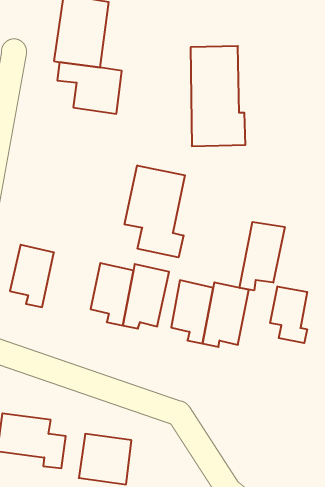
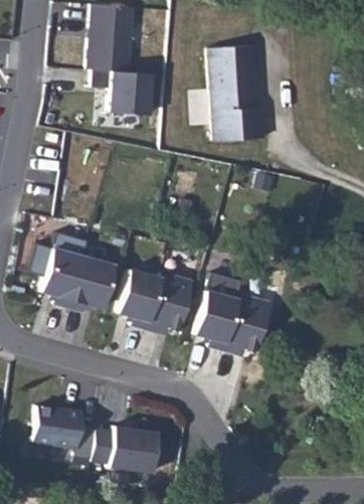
building: [125,165,185,257] -> none
building: [240,222,285,290] -> none
building: none -> [71,255,115,309]
building: [270,286,307,343] -> none

